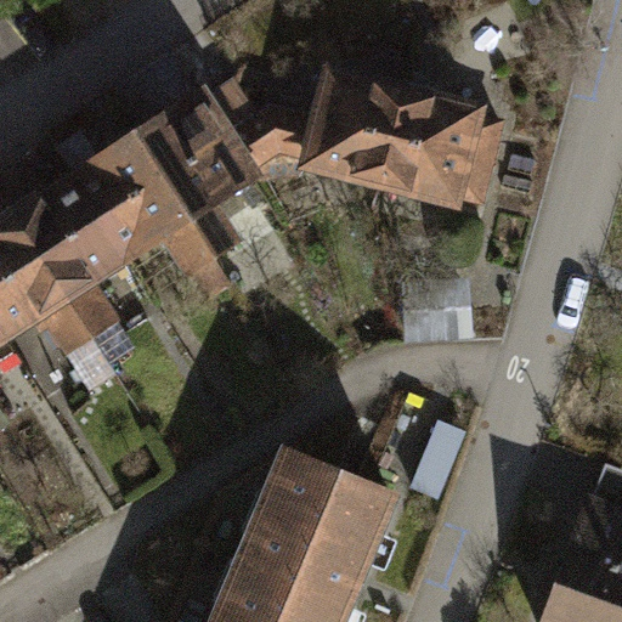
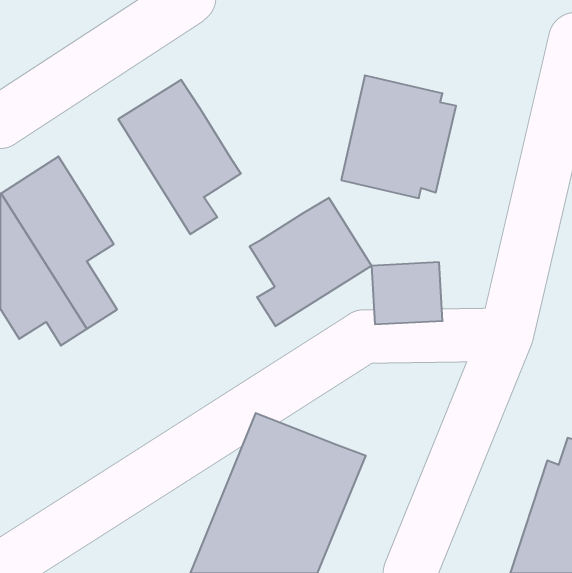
building: [220,63,397,194] -> none
building: [67,129,222,292] -> none
building: none -> [250,198,372,326]

